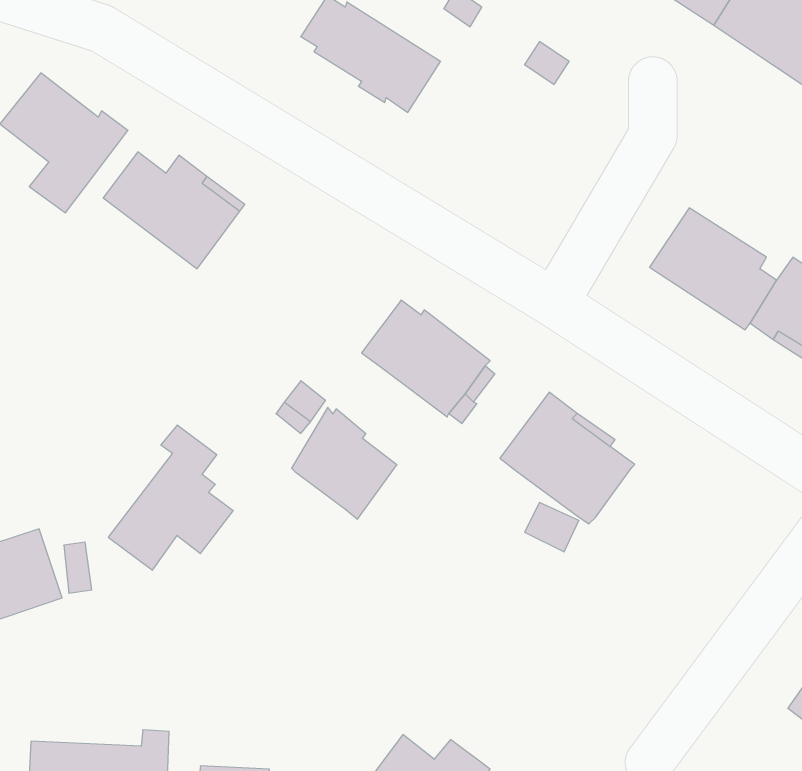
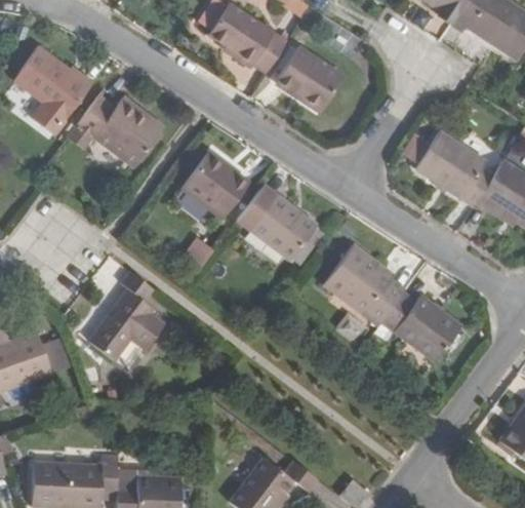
building: none -> [276,45,344,111]
building: [292,407,397,519] -> [179,150,245,220]
building: none -> [382,292,462,362]

